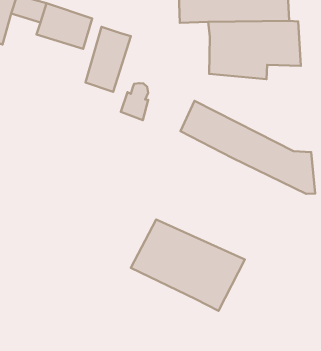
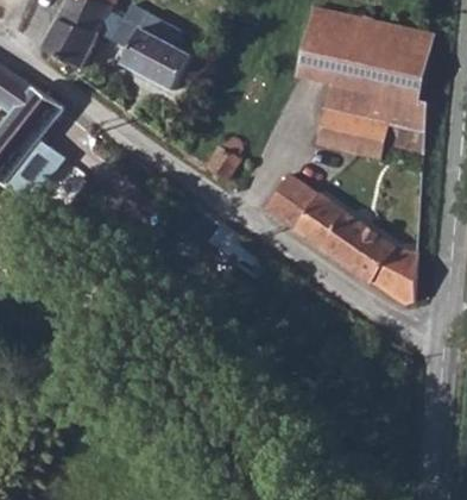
building: [85,27,131,92] -> none
building: [131,220,245,311] -> none

